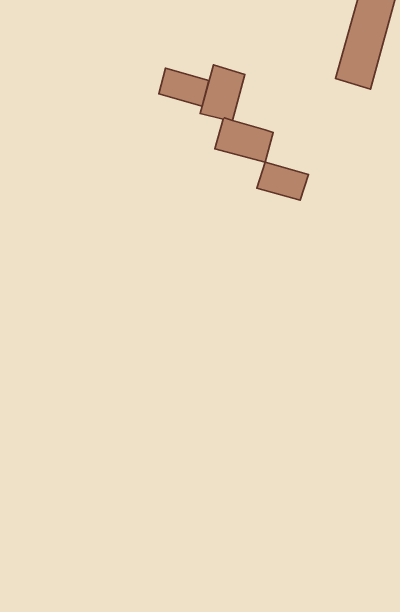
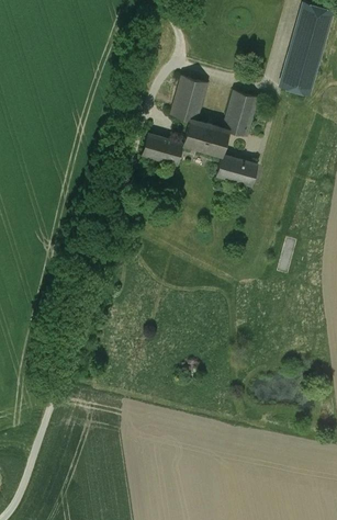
building: [159,68,209,106] -> [142,134,182,165]
building: none -> [223,91,257,135]

